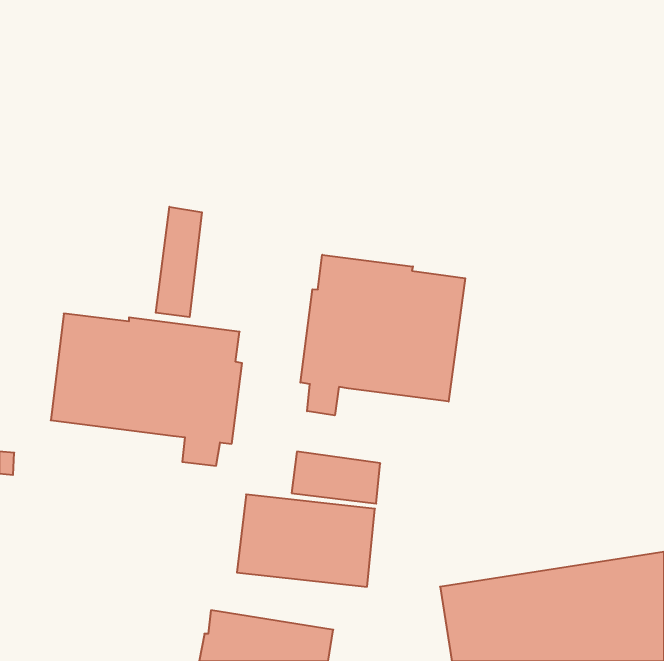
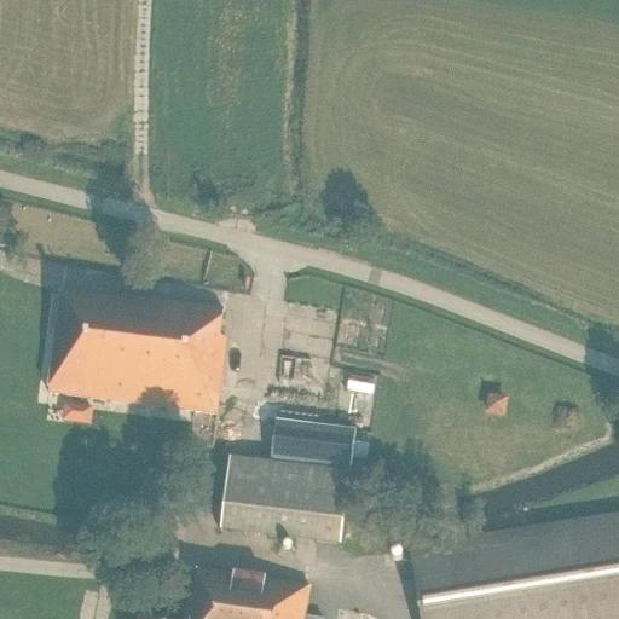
building: [156,207,202,317] -> none
building: [300,255,465,415] -> none

